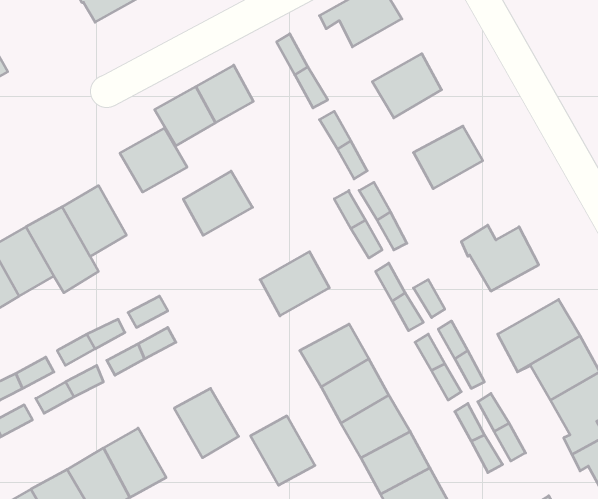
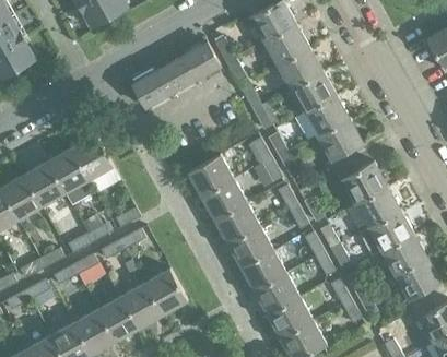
building: none -> [262,24,308,66]
building: none -> [184,43,220,79]
building: none -> [290,71,336,112]
building: [120,128,187,192] -> none
building: none -> [316,118,362,172]
building: [183,171,253,235] -> [188,154,234,197]
building: none -> [354,187,399,233]
building: none -> [214,202,260,243]
building: [251,416,315,485] -> [120,282,163,328]

